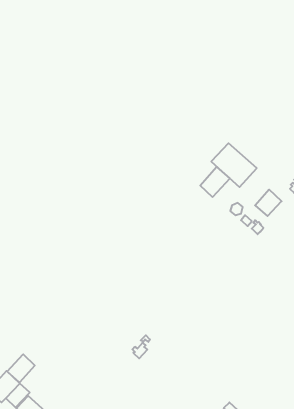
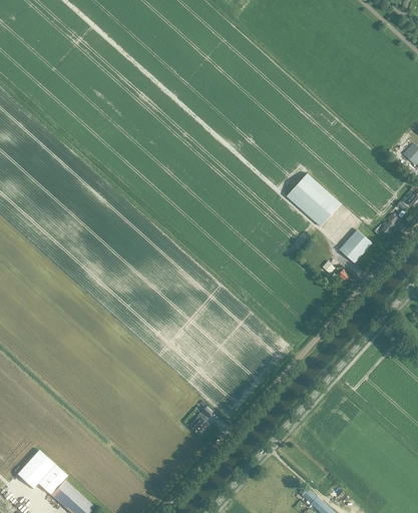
building: [200,167,230,197] -> none
building: [7,354,35,383] -> none

